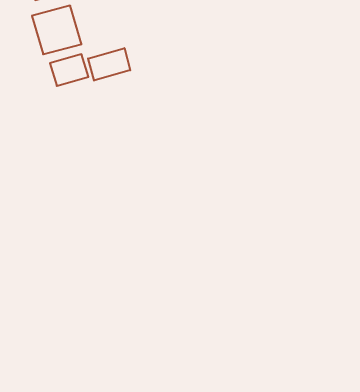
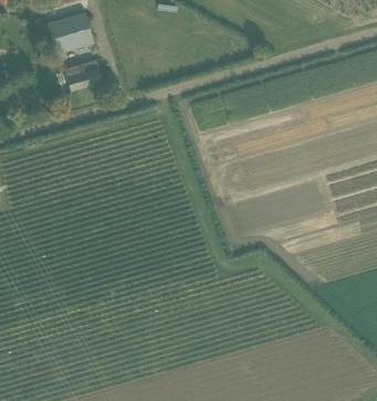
building: [88,48,130,81] -> none

